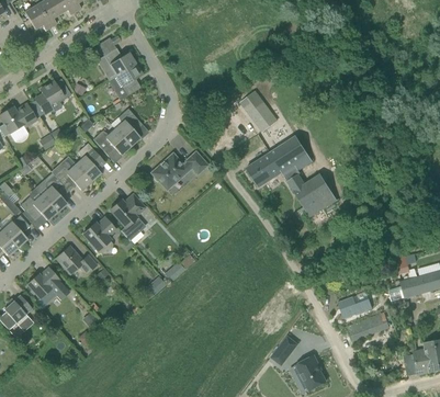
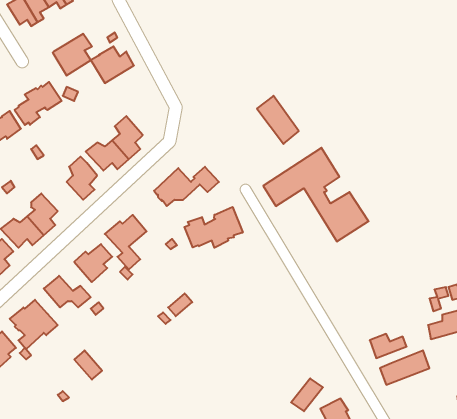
building: [108,65,142,101] -> [53,34,92,76]
building: [54,166,90,191] -> none
building: none -> [184,207,243,248]

